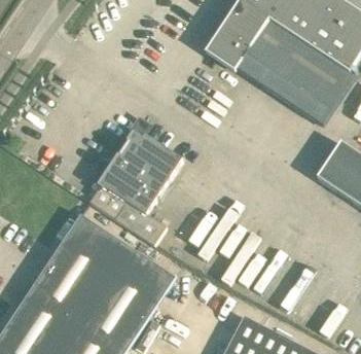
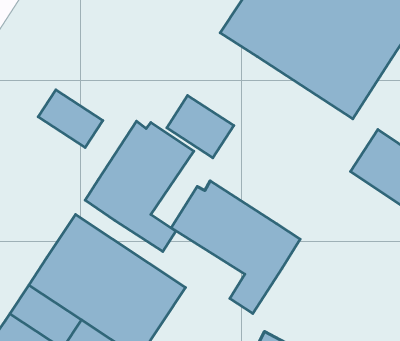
building: none -> [38,90,103,147]
building: none -> [167,95,234,158]
building: none -> [171,181,300,313]

